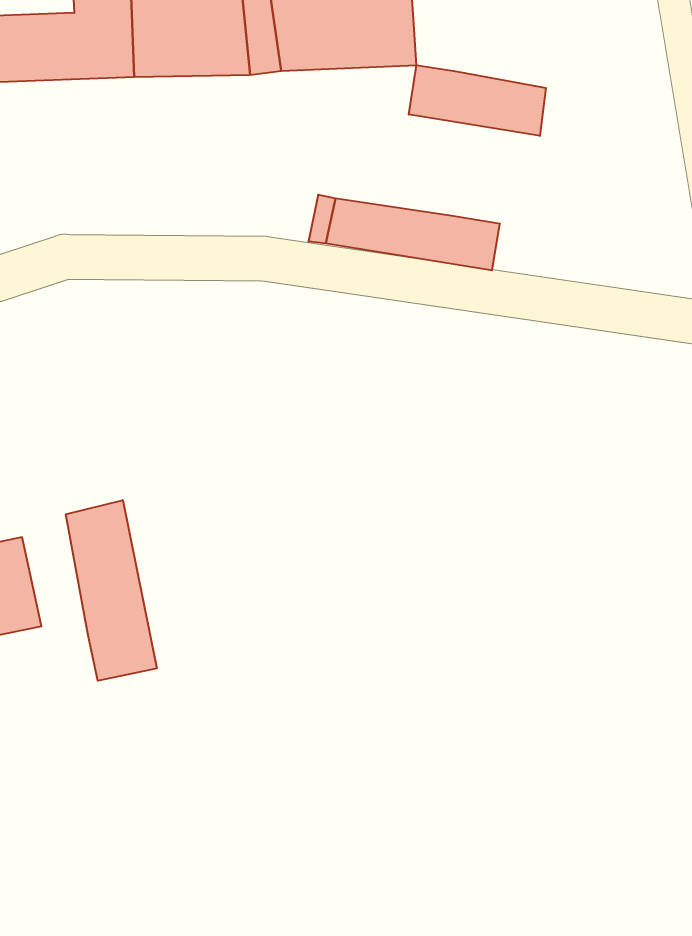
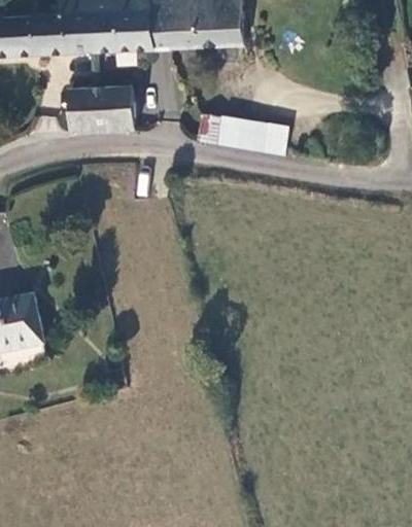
building: [409,65,546,136] -> none
building: none -> [69,91,133,132]
building: [66,500,157,681] -> none

